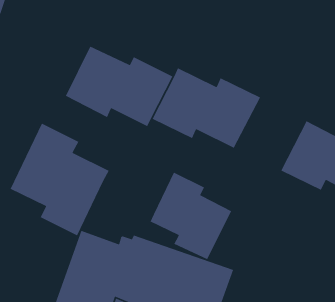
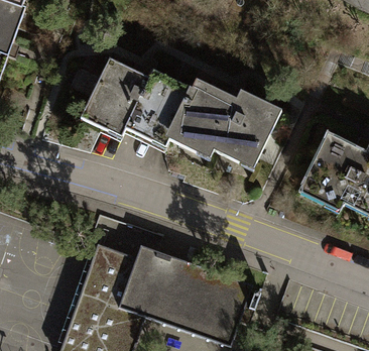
building: [9,122,110,236] -> none
building: [149,172,232,260] -> none

